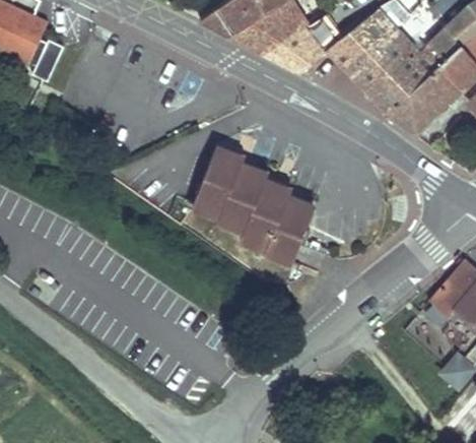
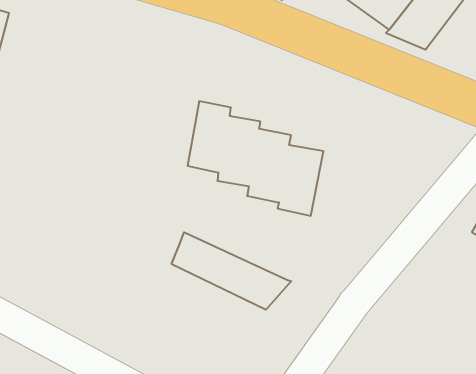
building: none -> [172,232,291,310]

